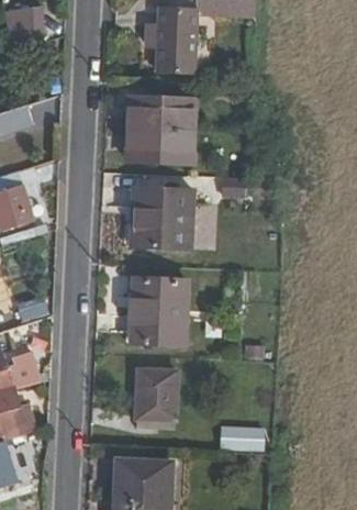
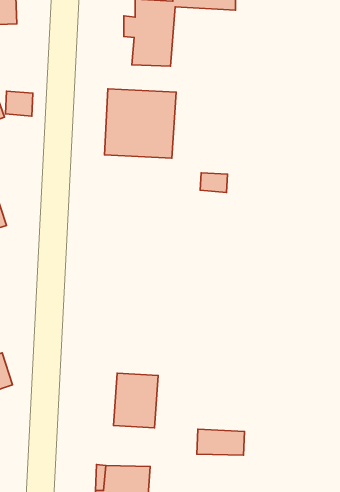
building: [131,186,193,248] -> none
building: [132,280,187,343] -> none

